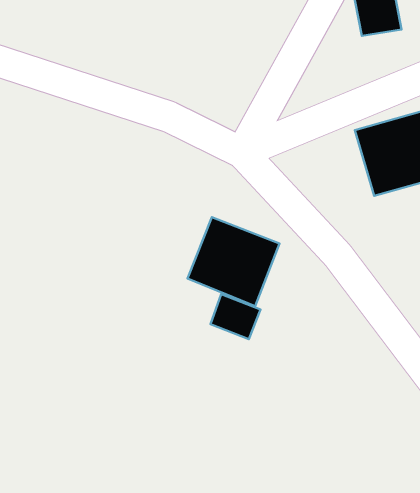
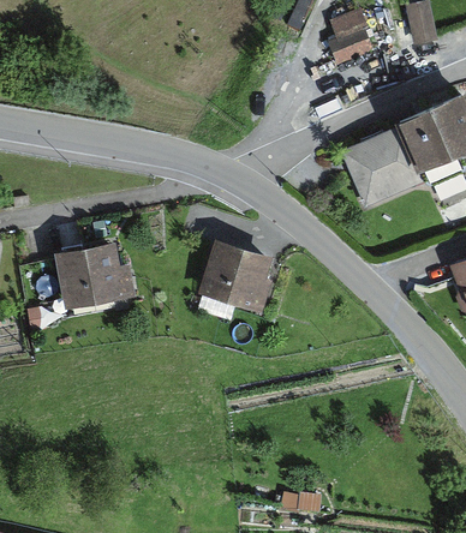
building: none -> [58,241,141,309]
building: [210,294,260,339] -> none

